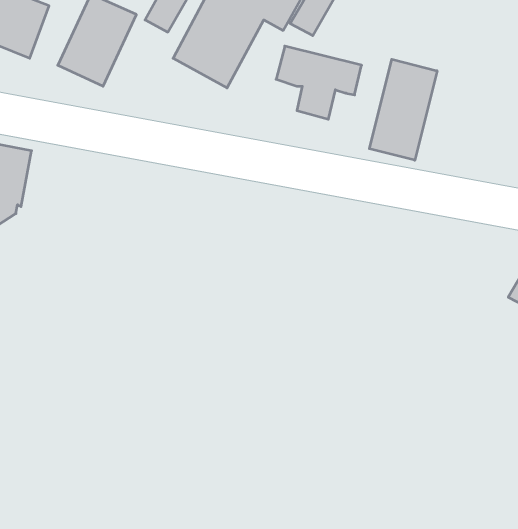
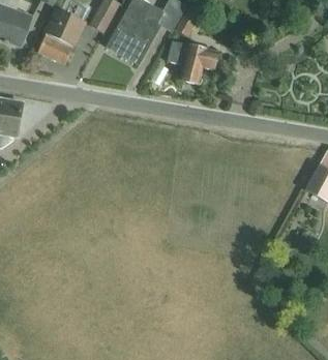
building: [369,59,437,160] -> none

